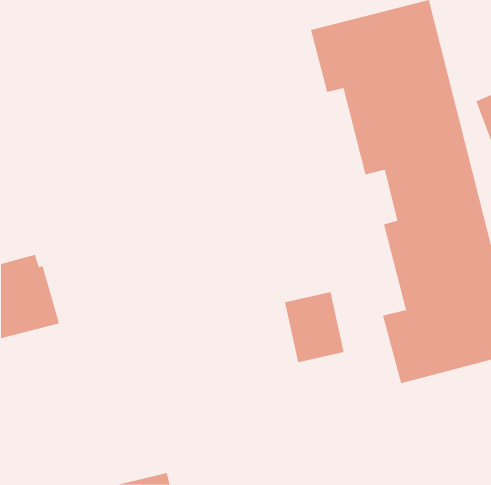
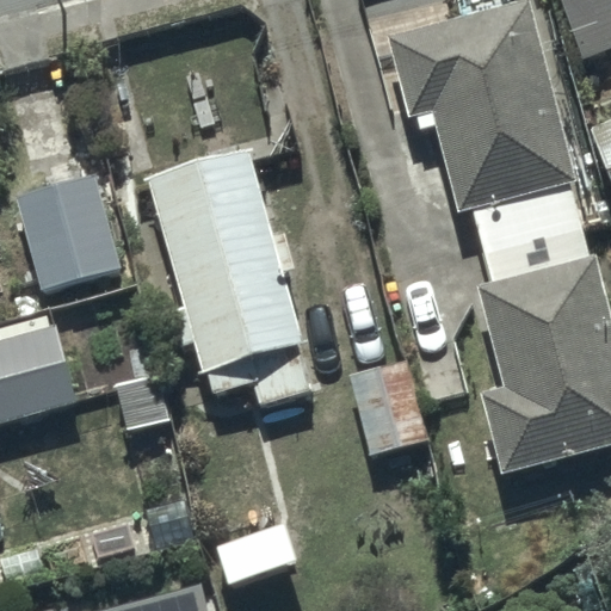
building: none -> [144,152,316,405]
building: none -> [14,171,123,286]

